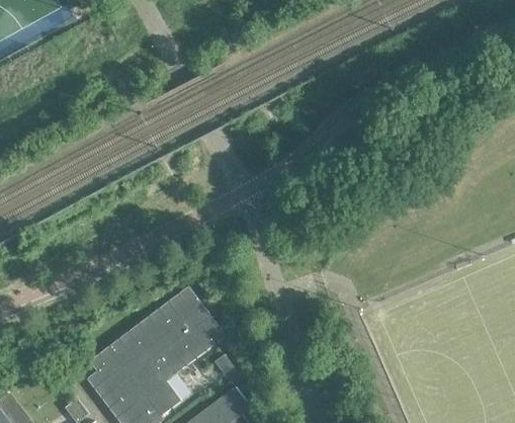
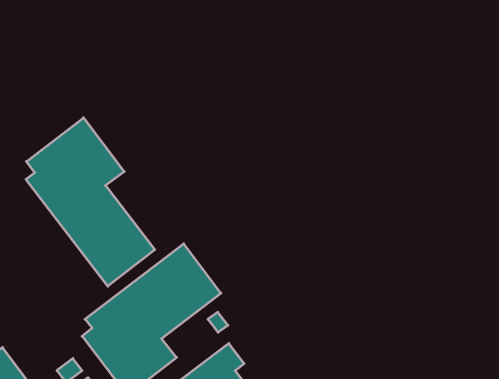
building: none -> [26,118,155,286]

